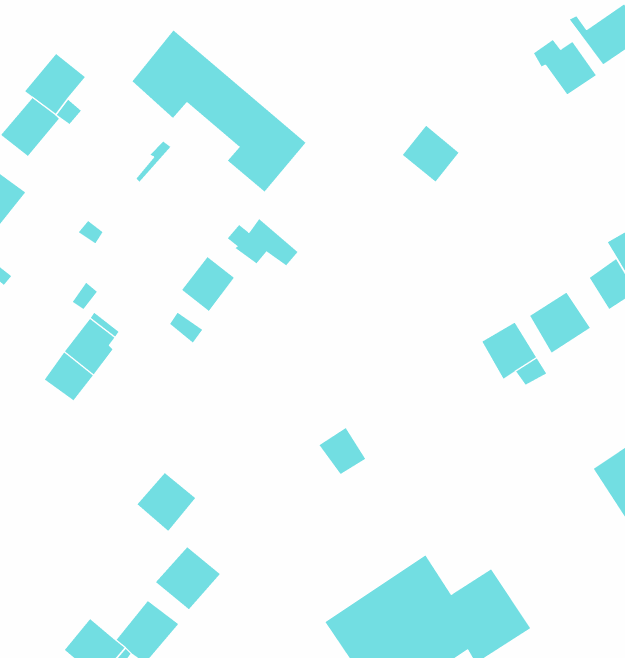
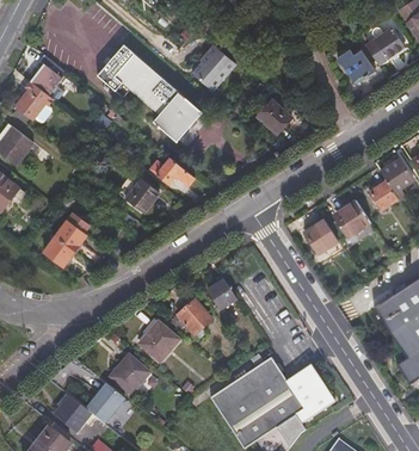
building: none -> [190,44,234,91]
building: none -> [171,301,211,335]
building: [137,472,196,532] -> [138,321,174,357]

